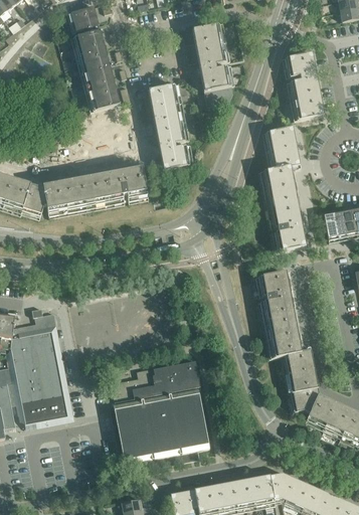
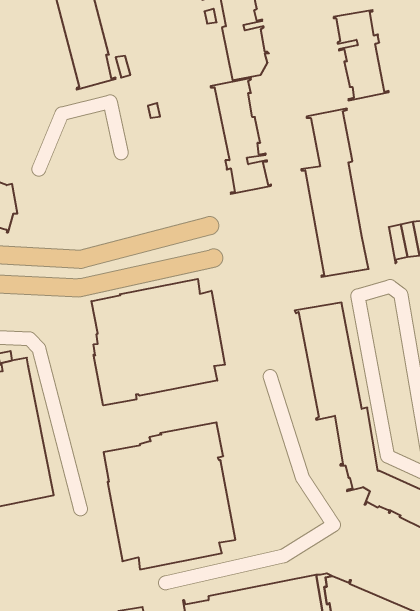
building: [148,82,193,169] -> [211,78,271,194]
building: [42,163,148,216] -> none
building: none -> [91,279,225,405]

